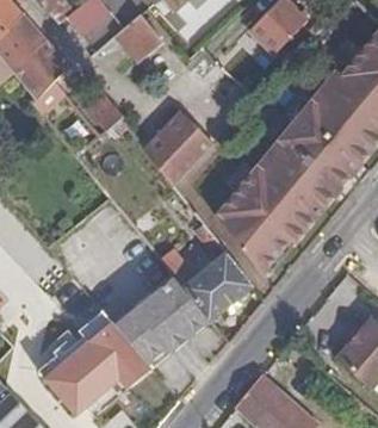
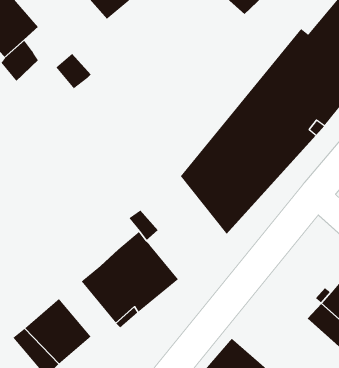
building: [144,111,213,186] -> none
building: [181,222,253,318] -> none

